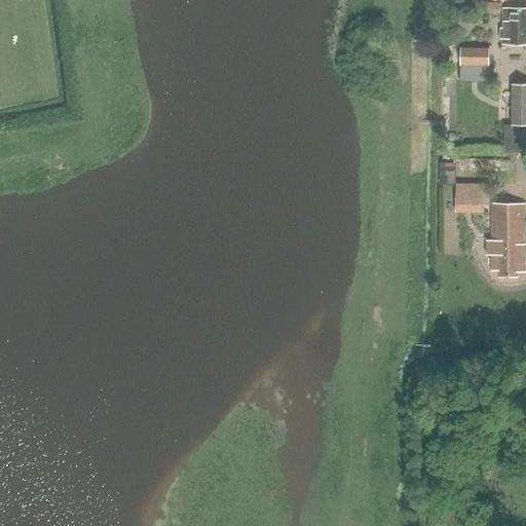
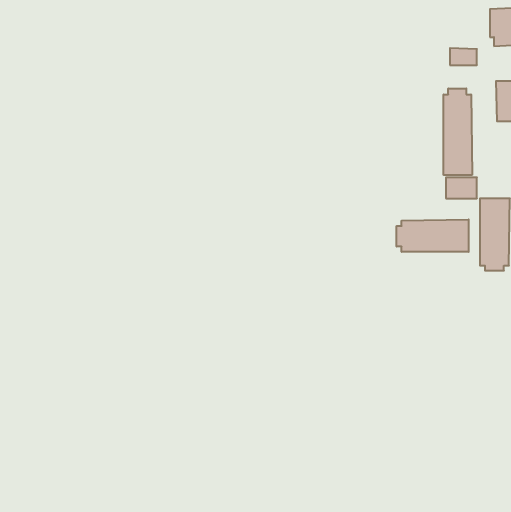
building: none -> [444,88,472,175]
building: none -> [397,219,469,252]

